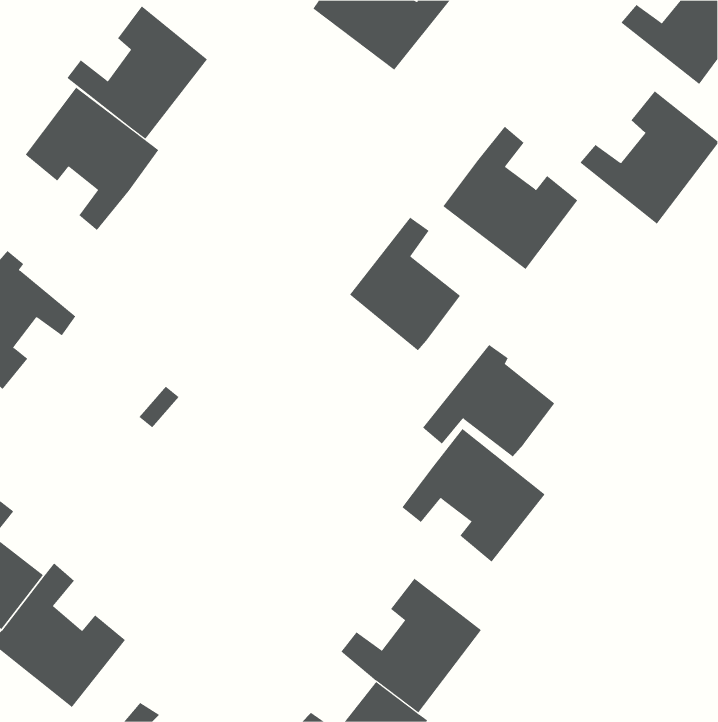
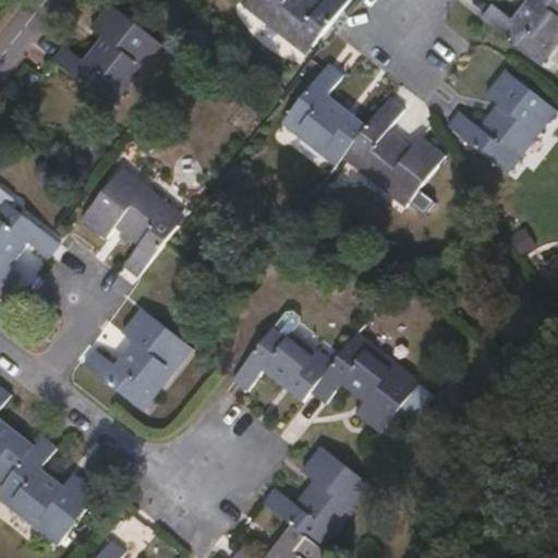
building: [25,87,159,231] -> [81,167,184,278]
building: [349,217,461,351] -> [281,63,367,167]
building: [422,344,555,457] -> [231,314,333,401]
building: none -> [84,308,192,410]

